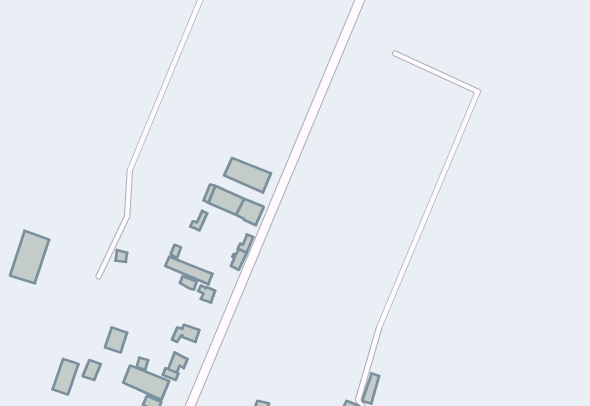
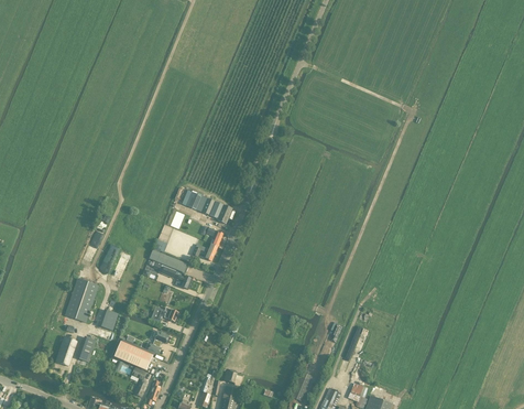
building: [224,158,271,193] -> none
building: [10,231,49,283] -> [65,278,98,322]

